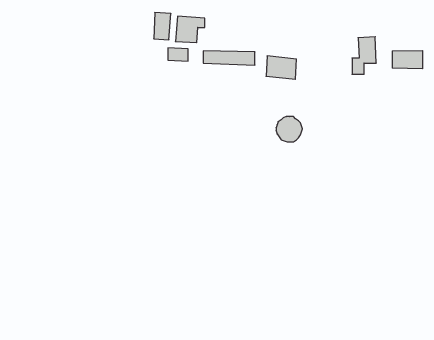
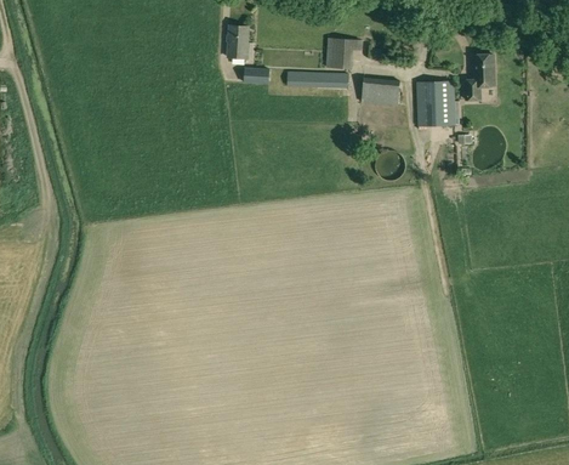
building: [175,16,205,43] -> [325,38,360,69]
building: [392,51,423,69] -> none
building: none -> [415,81,455,126]

